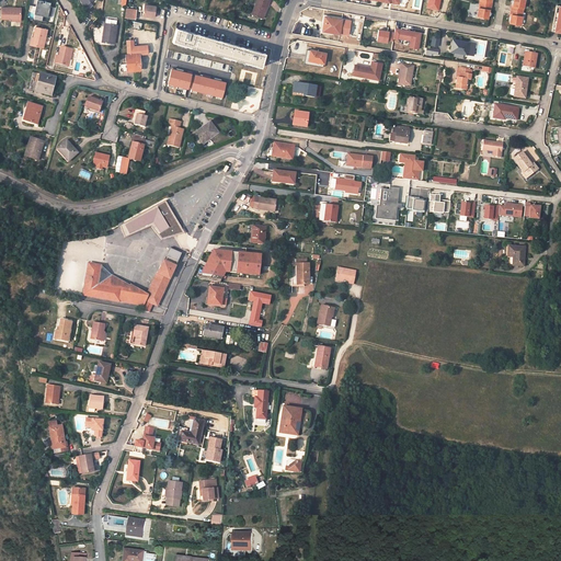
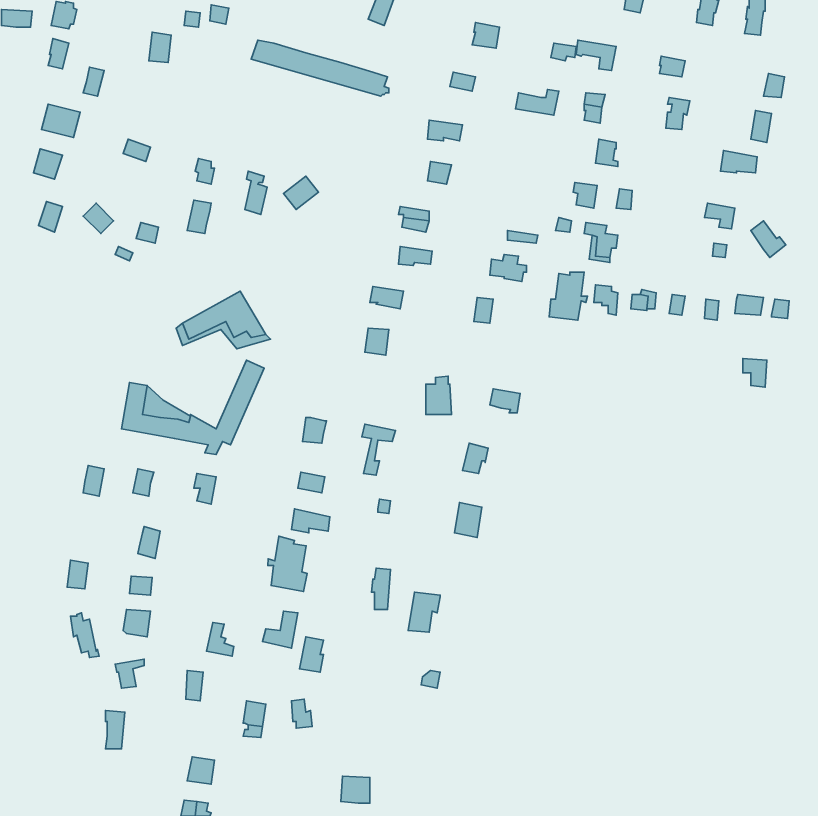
building: [121,38,148,70] -> none
building: [167,65,227,94] -> none
building: [199,249,260,276] -> none
building: none -> [268,536,307,591]

